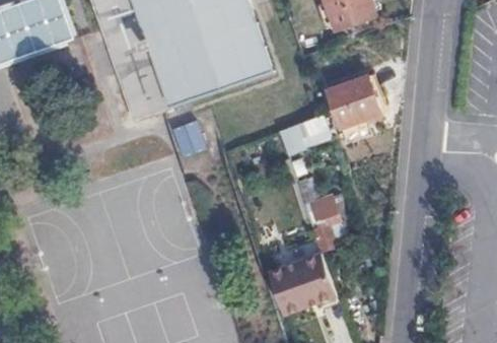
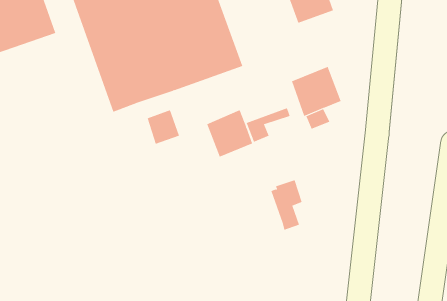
building: none -> [207,109,253,157]
building: [267,252,336,316] -> none

